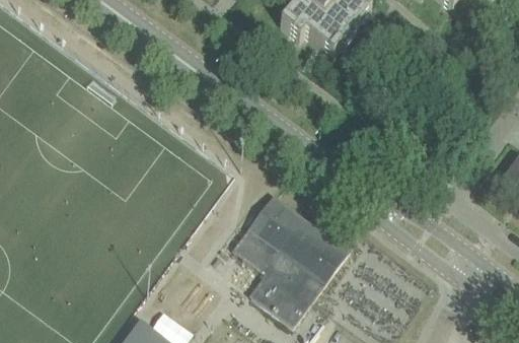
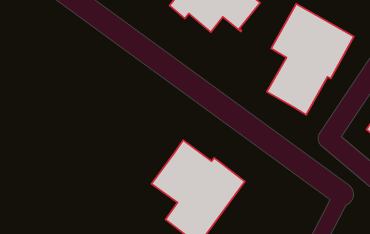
building: none -> [267,4,354,115]

